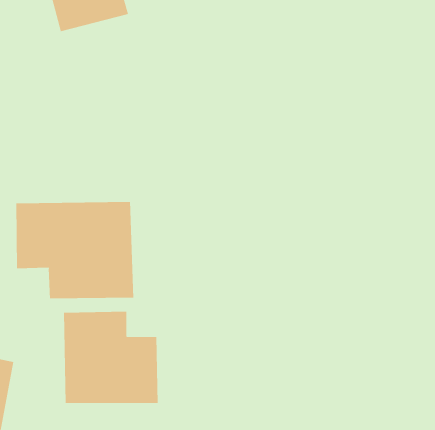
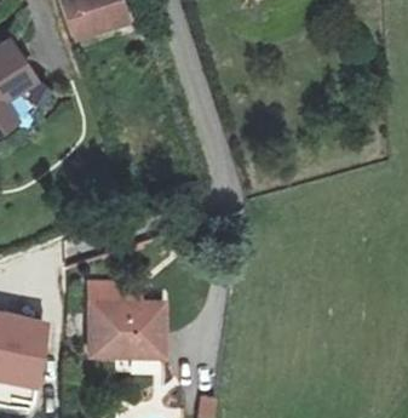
building: [16,201,134,299] -> none

